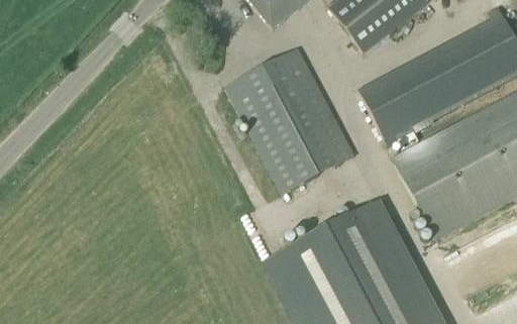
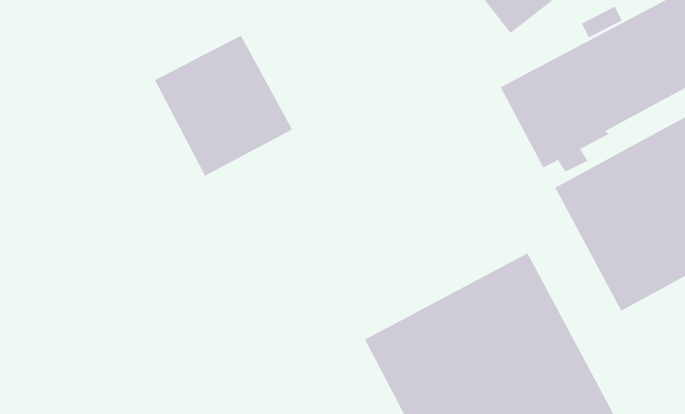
building: [226,46,355,192] -> none
building: none -> [154,35,293,176]

